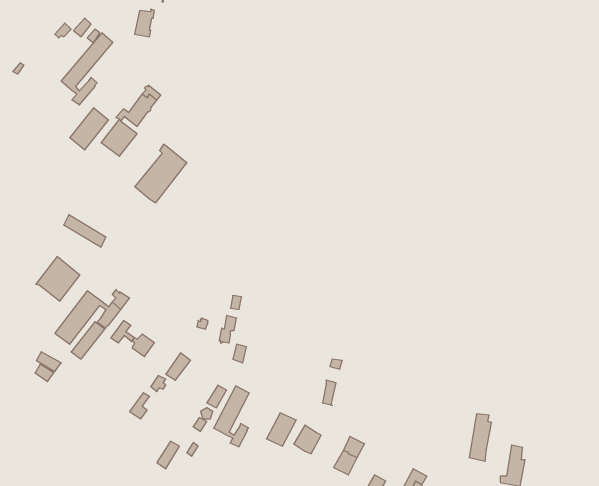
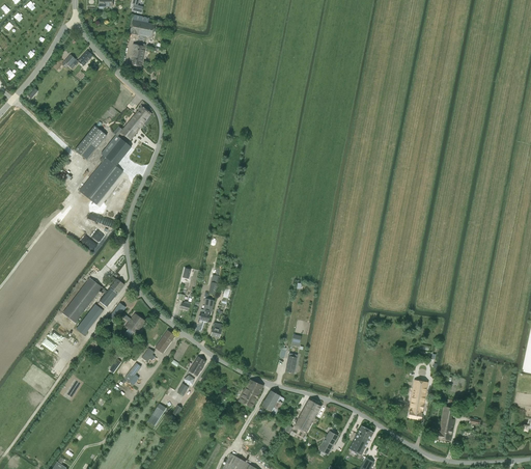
building: [61,33,113,105] -> none
building: [135,144,187,203] -> [79,155,122,203]
building: [36,256,80,301] -> none
building: [214,386,249,447] -> none

